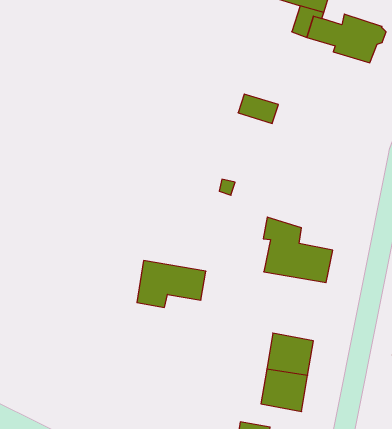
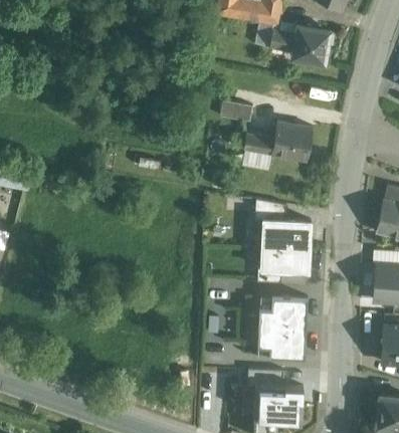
building: none -> [243,122,312,161]
building: [137,261,206,307] -> [257,245,311,281]

